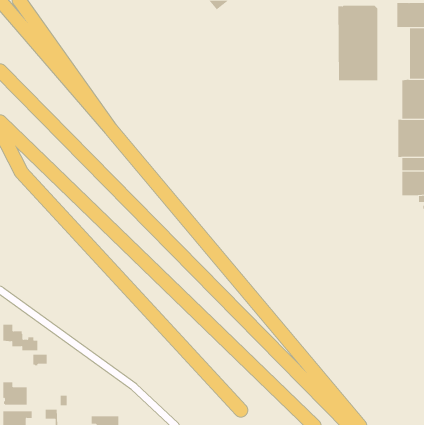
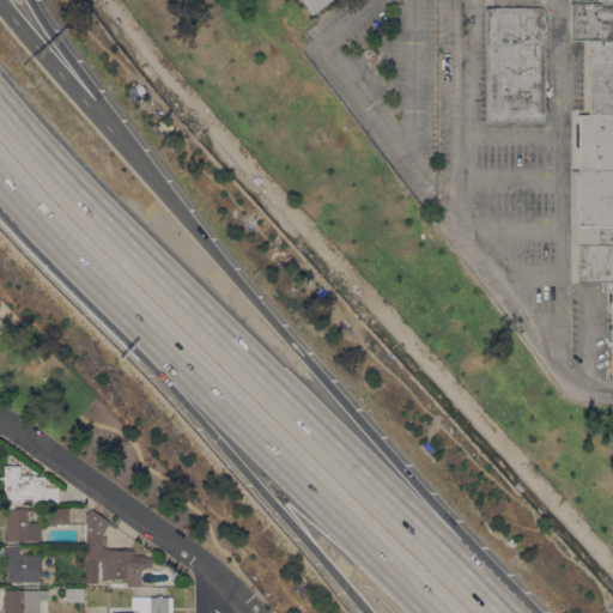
building: none -> [7,510,42,541]
building: none -> [87,511,153,582]

